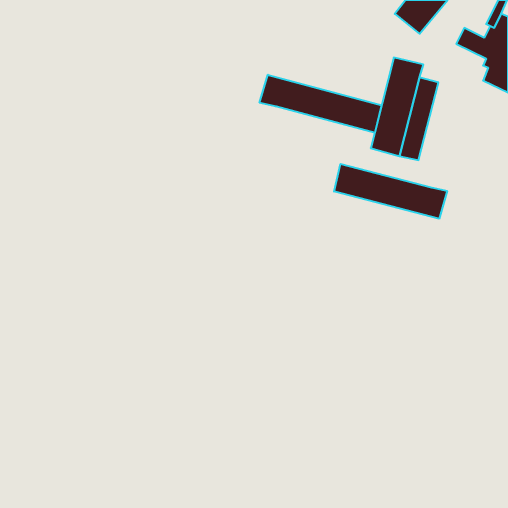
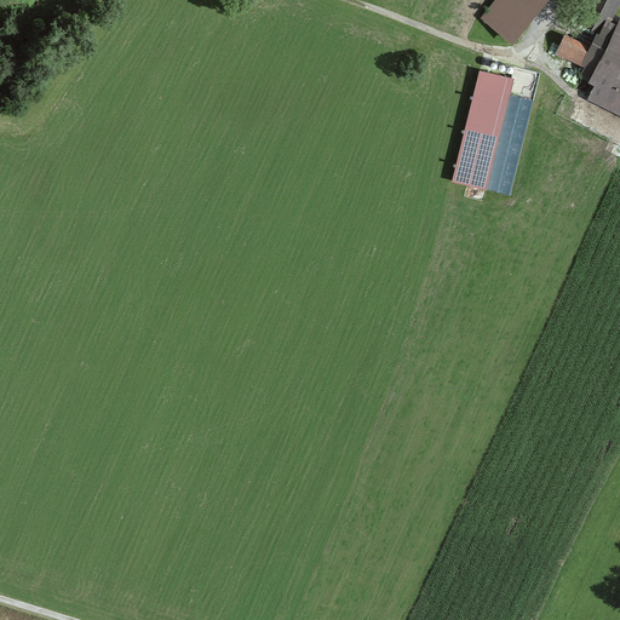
building: [260,75,381,133] -> none
building: [334,164,447,219] -> none

